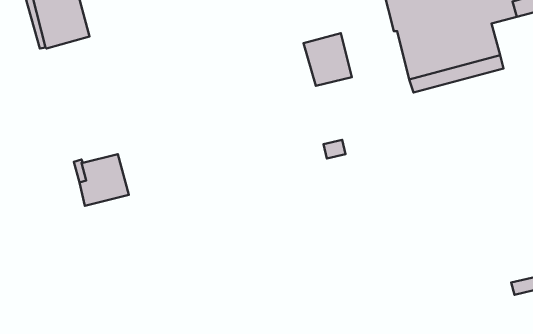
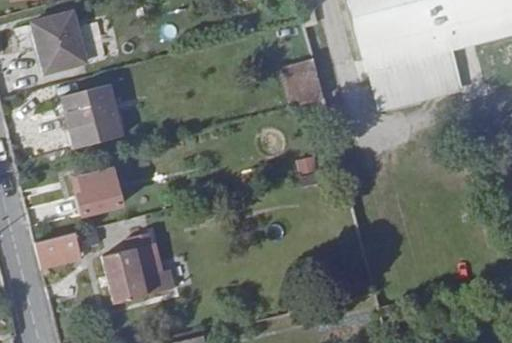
building: none -> [62,84,124,149]
building: none -> [36,233,82,269]
building: none -> [103,233,162,304]

